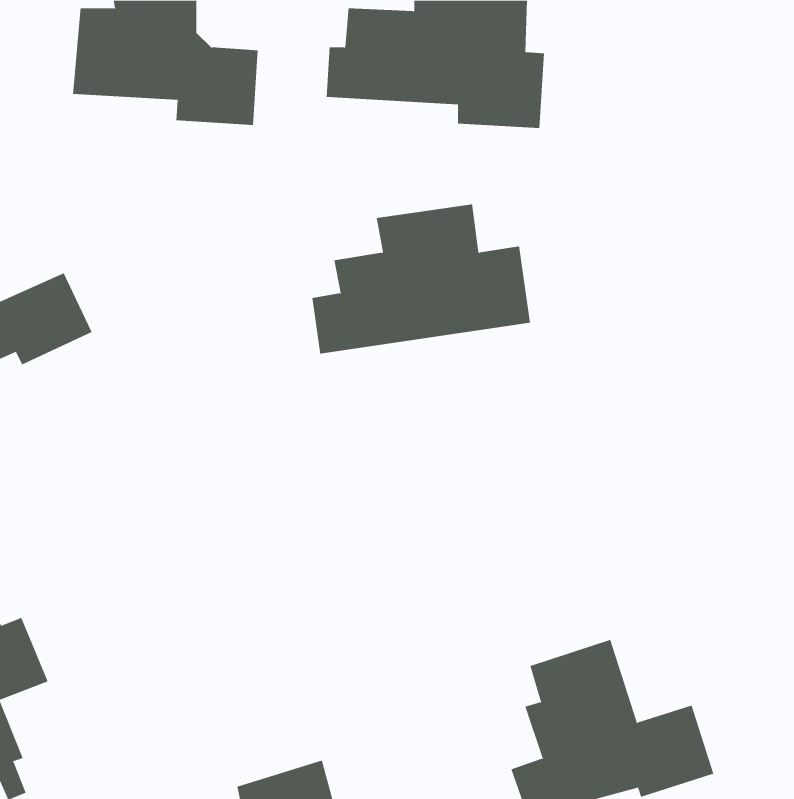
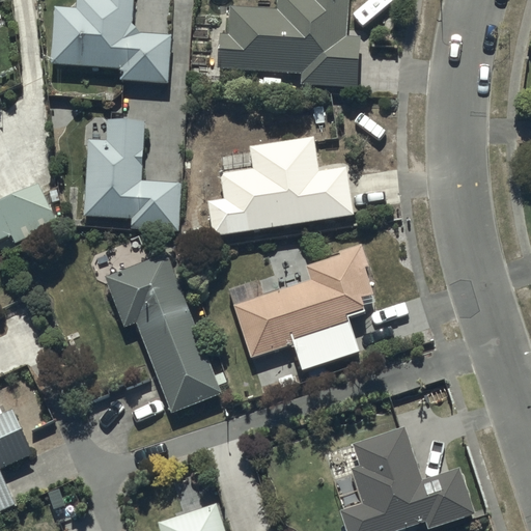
building: none -> [83,119,179,229]
building: none -> [227,246,371,370]
building: none -> [105,252,221,412]

